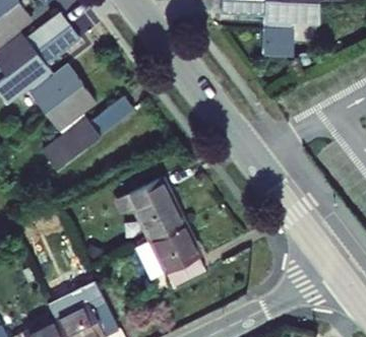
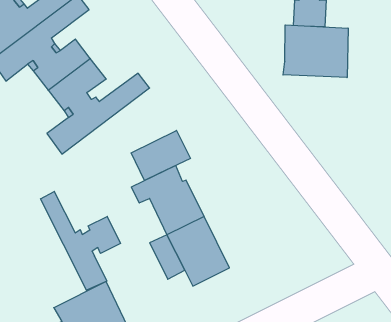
building: none -> [283,25,348,78]
building: none -> [131,130,190,180]
building: none -> [41,191,121,290]

